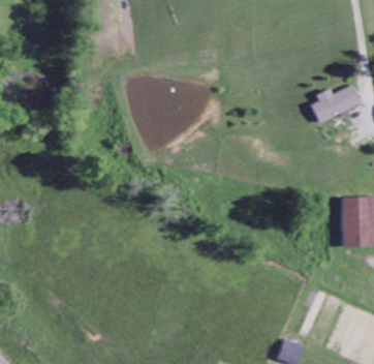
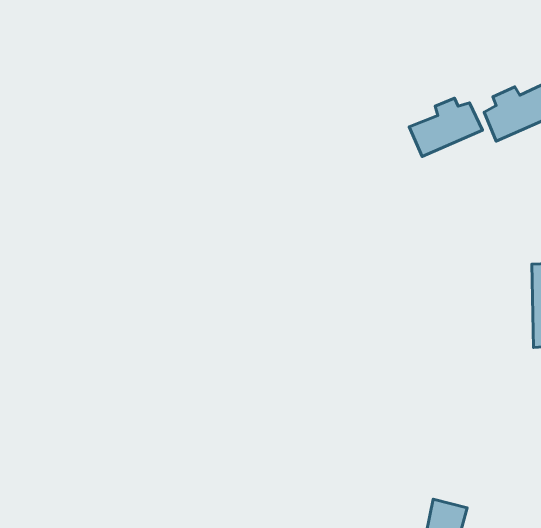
building: none -> [409,98,482,157]

